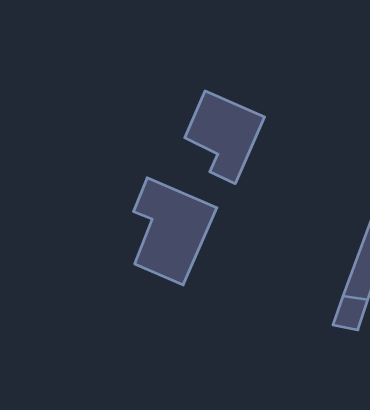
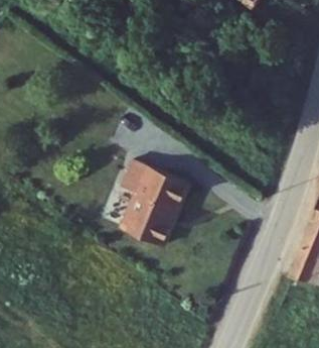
building: [185,91,265,184] -> none

